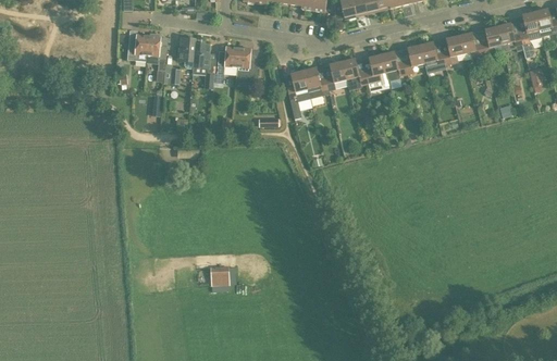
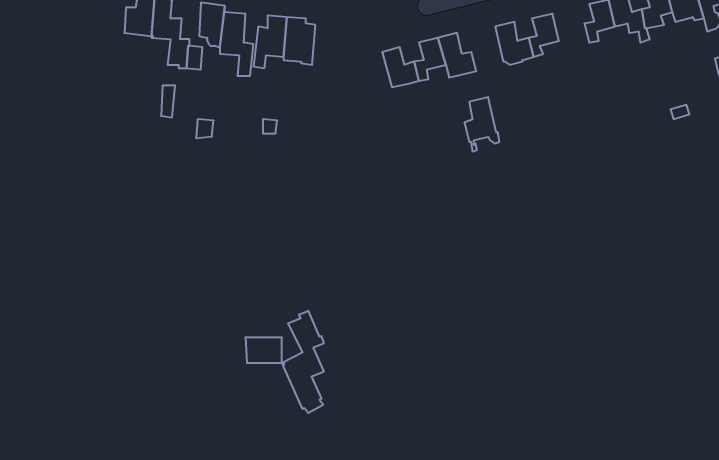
building: [420,41,445,69] -> none
building: [364,53,388,90] -> [464,97,499,151]
building: [286,71,310,110] -> none
building: none -> [282,311,324,413]

